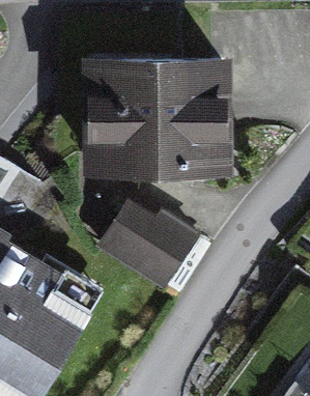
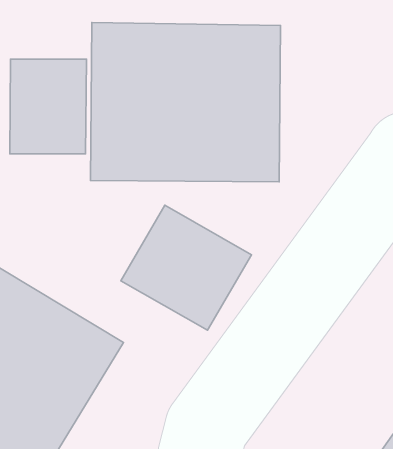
building: none -> [10,59,86,154]

